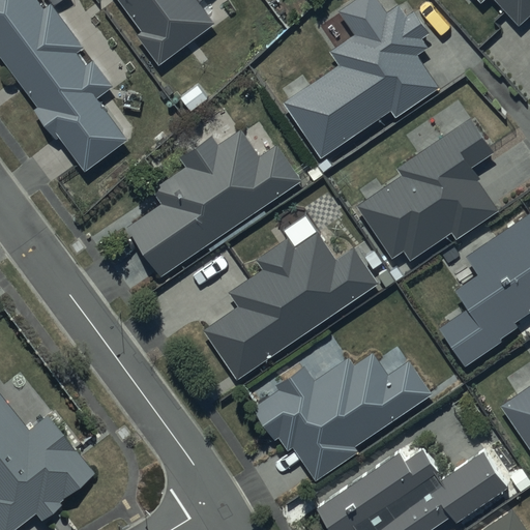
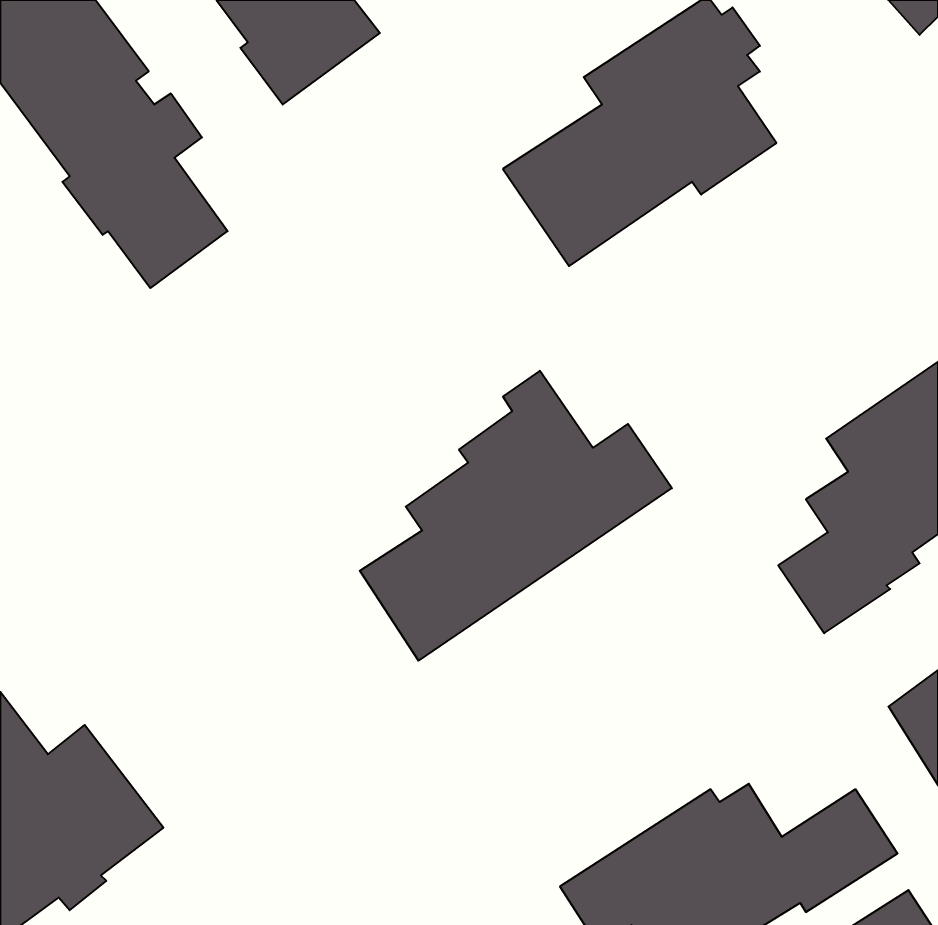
building: [358,119,498,260] -> none
building: [130,130,302,274] -> none
building: [253,352,432,480] -> none

